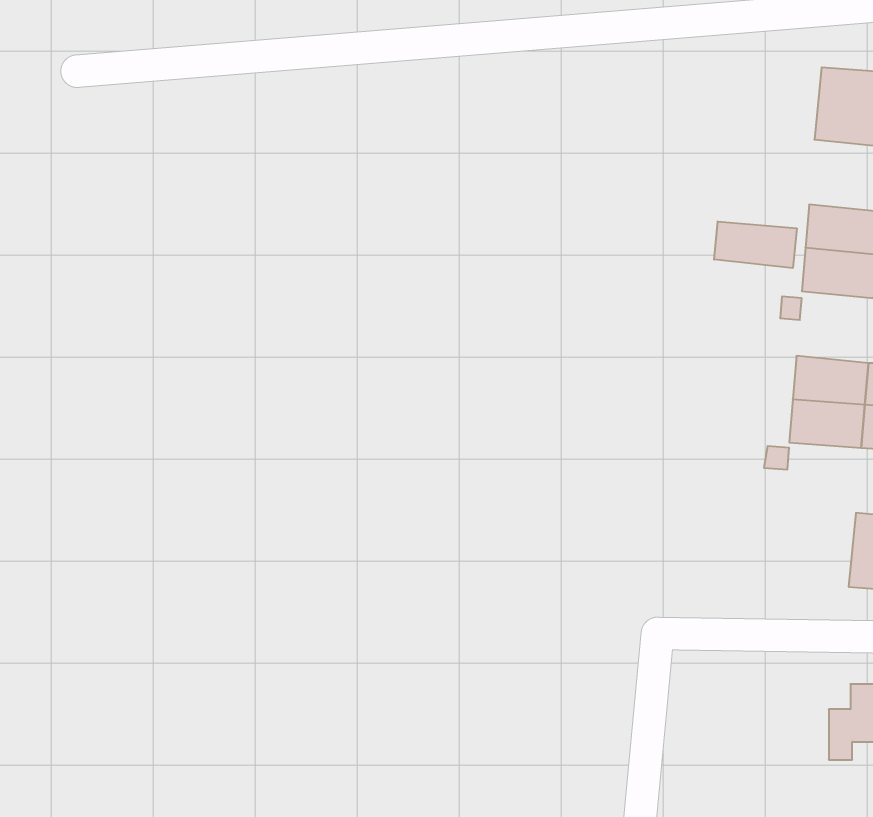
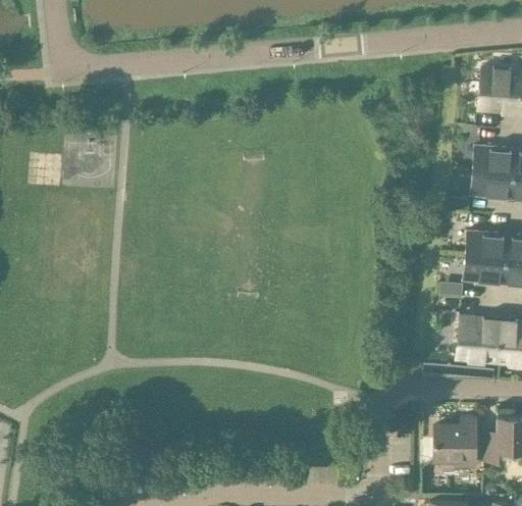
building: [714,221,797,268] -> none
building: none -> [457,318,502,363]
building: none -> [423,417,476,472]

